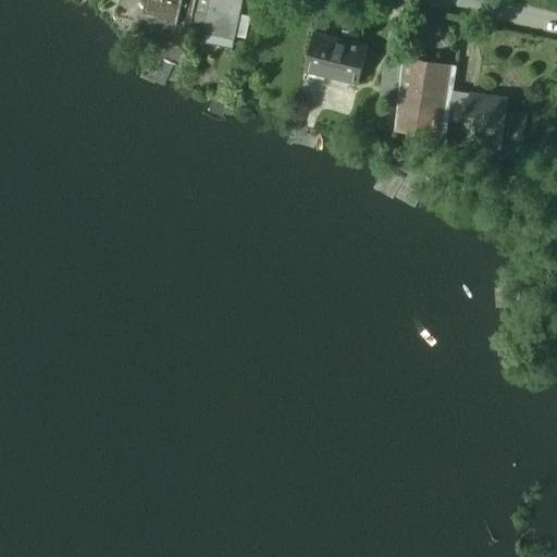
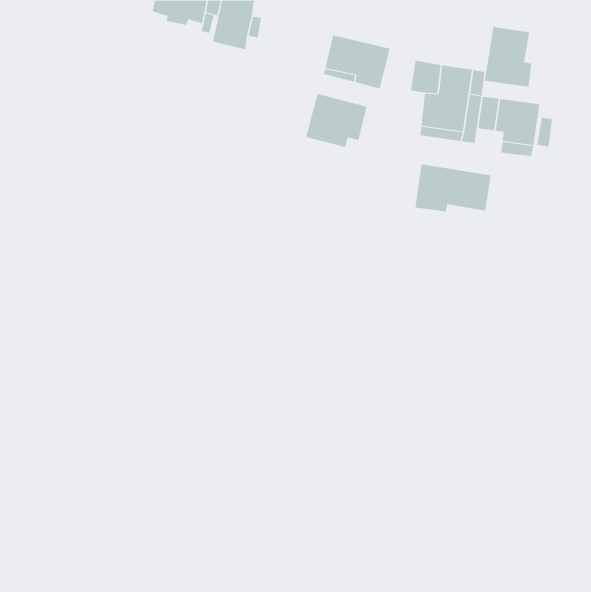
building: none -> [484,26,532,88]
building: none -> [305,93,367,148]
building: none -> [415,164,491,212]

